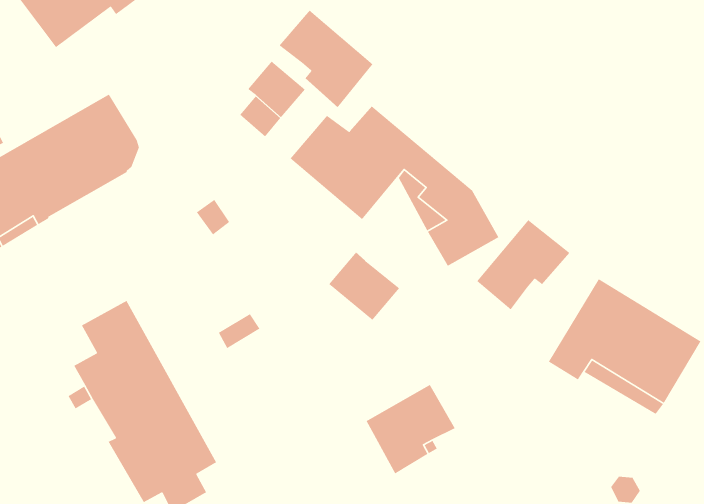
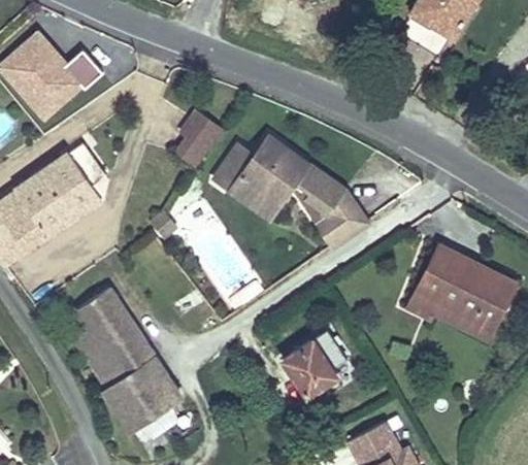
building: [279,10,373,108] -> none
building: [476,219,570,310] -> none
building: [328,251,400,321] -> none

